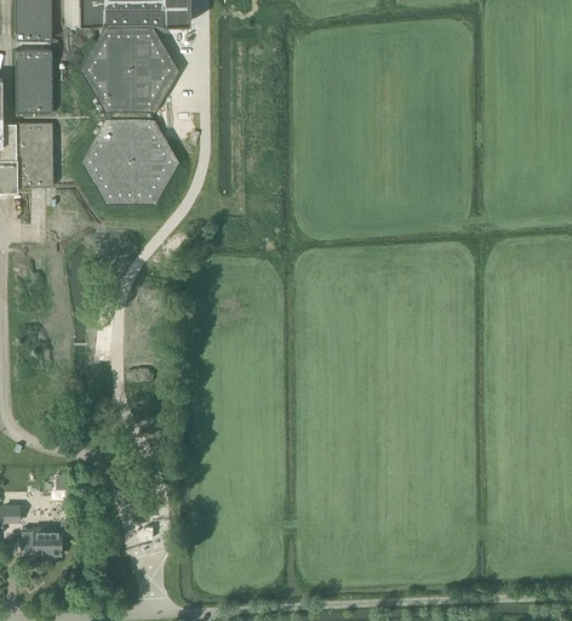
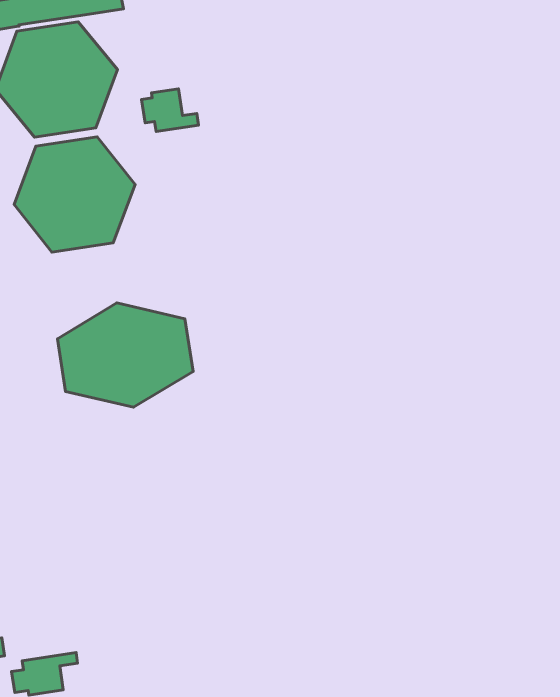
building: none -> [142,89,199,132]
building: none -> [58,303,193,407]

